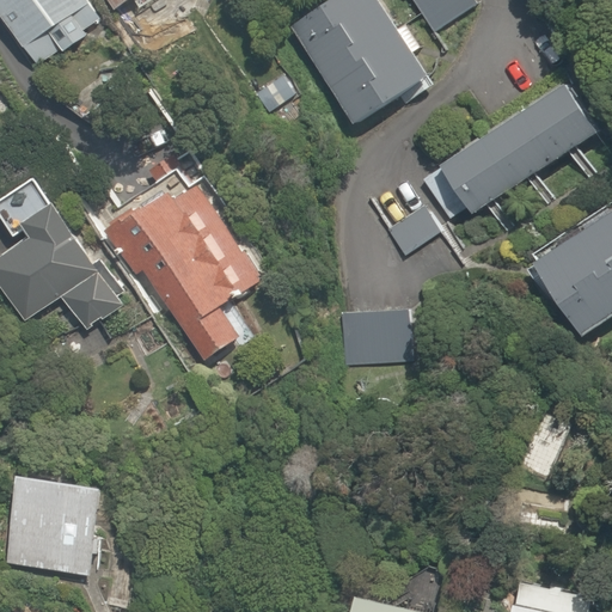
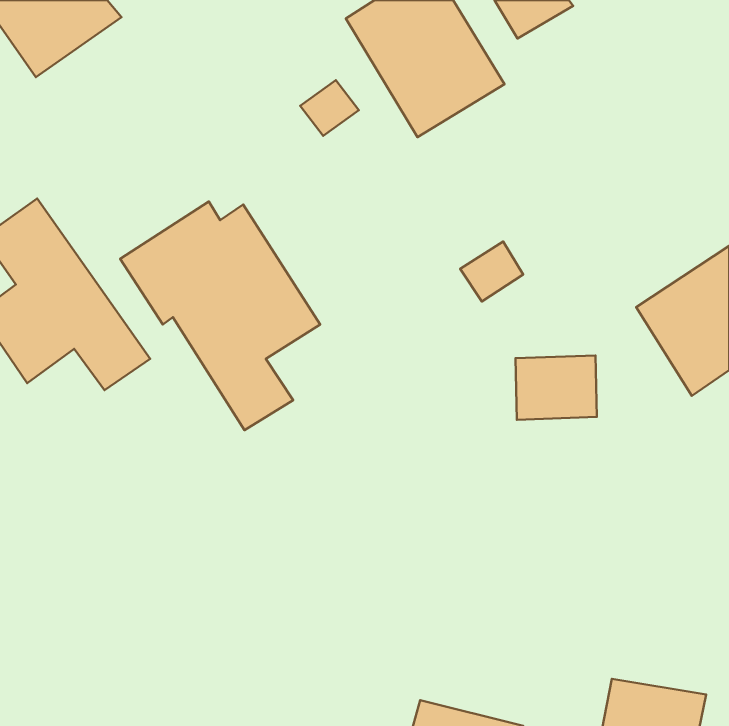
building: [423,80,598,222] -> none
building: [341,313,409,367] -> [515,355,597,420]
building: [8,469,99,573] -> none

